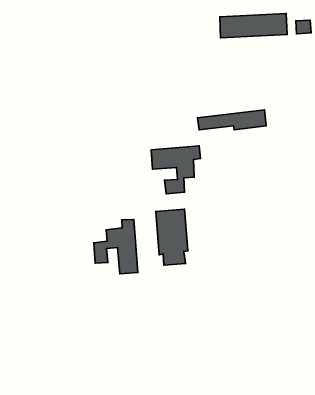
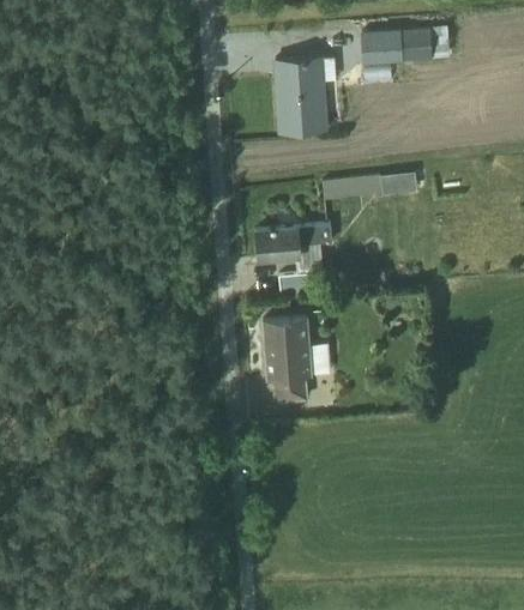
building: none -> [273,60,331,133]
building: [94,220,138,274] -> none

